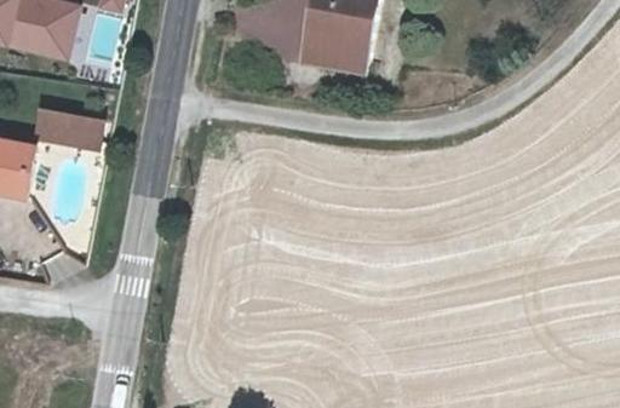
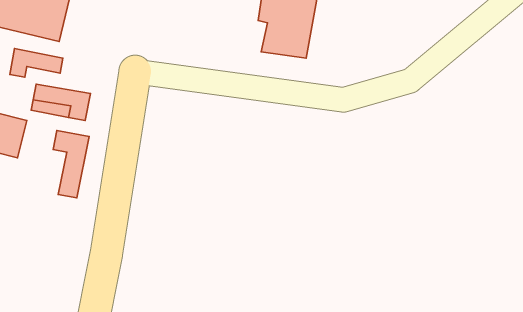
building: none -> [10,49,63,77]
building: none -> [53,131,89,198]

